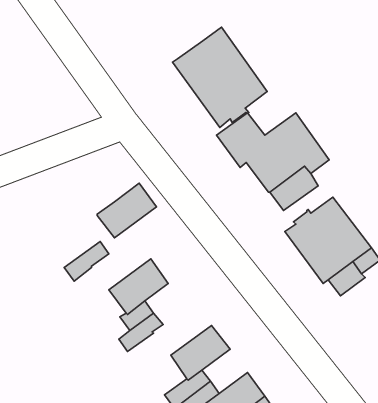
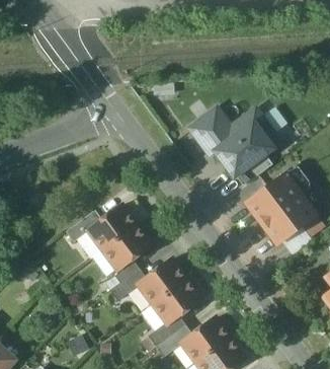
building: [173,27,267,127] -> none
building: [97,183,157,238] -> [88,205,137,249]
building: none -> [138,259,186,303]

